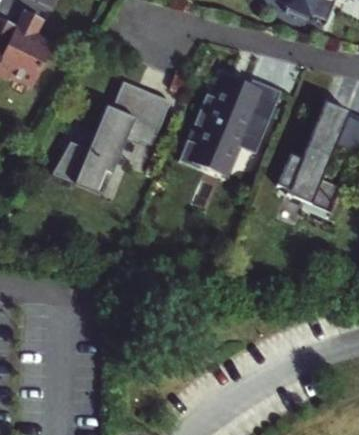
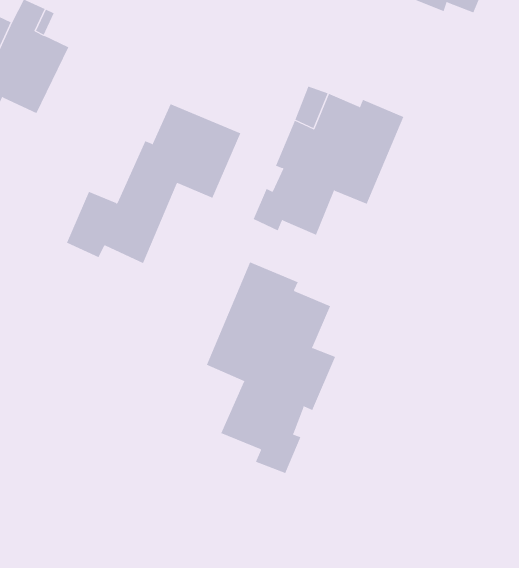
building: [276,105,352,217] -> none
building: none -> [206,261,336,474]

